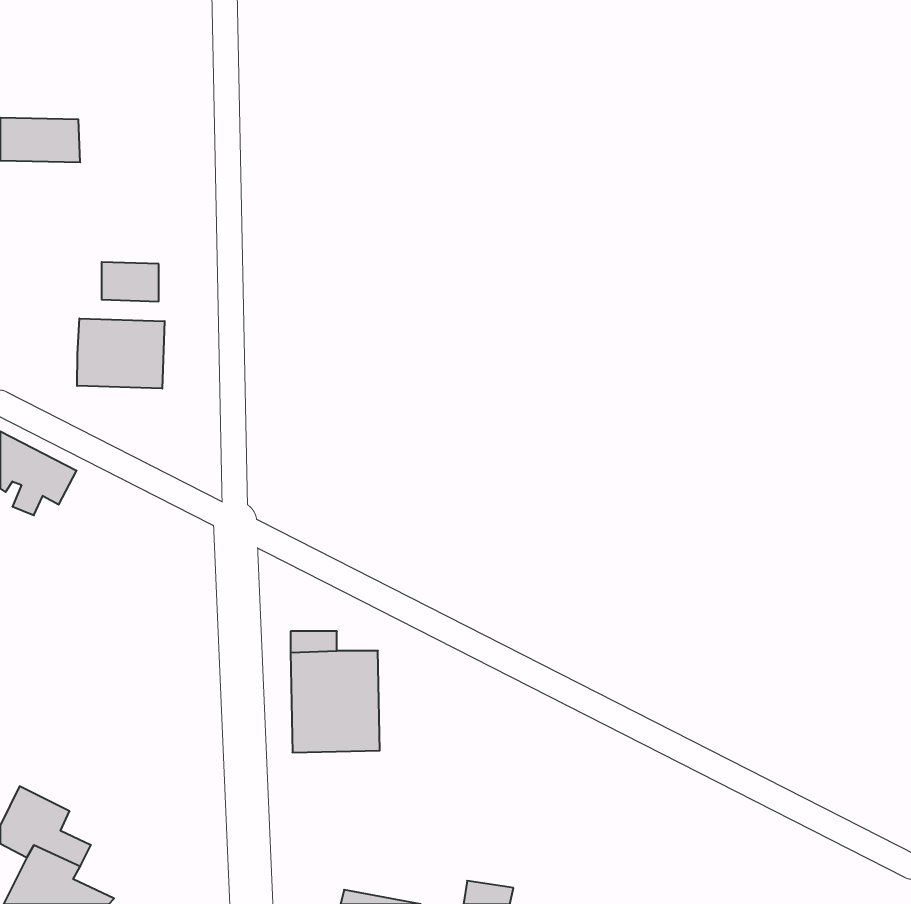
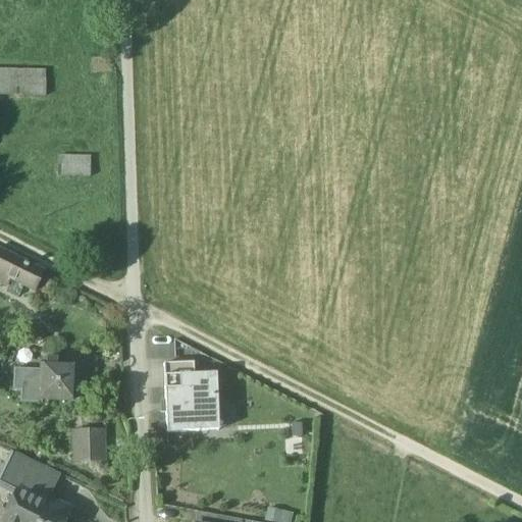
building: [77,318,165,389] -> none
building: none -> [14,357,73,400]
building: none -> [73,429,103,459]

